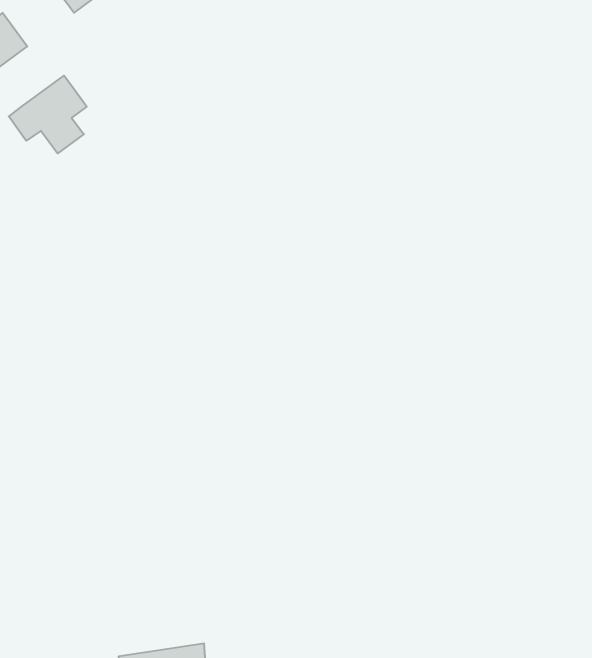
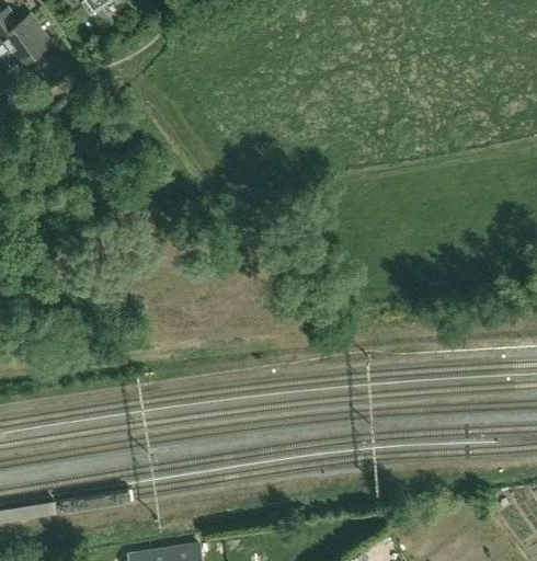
building: [9,76,87,153] -> none

